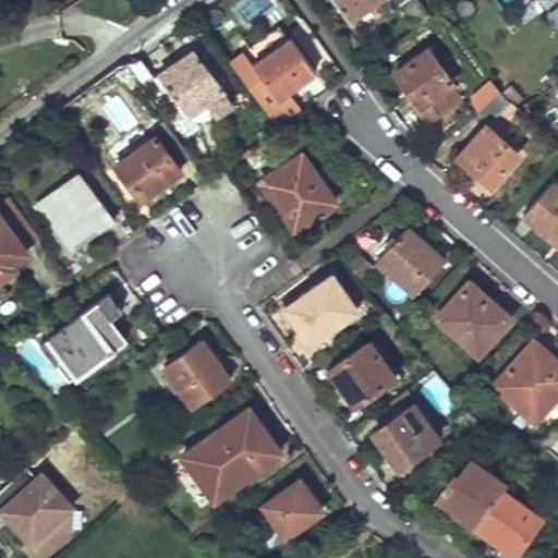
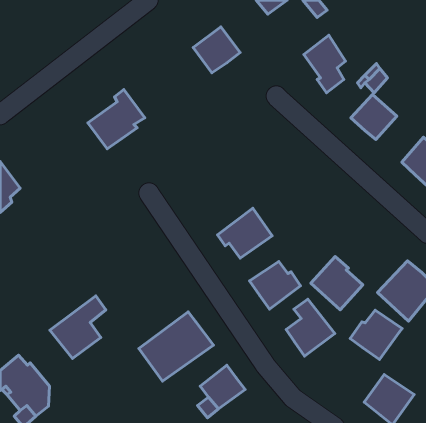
building: [159,57,234,122] -> none
building: [260,155,336,223] -> none
building: [35,172,106,252] -> none
building: [372,227,440,293] -> none
building: [439,287,507,356] -> [311,256,363,310]
building: [49,296,122,378] -> [50,296,106,358]
building: [166,341,229,408] -> none
building: [438,465,506,530] -> [350,310,402,360]

